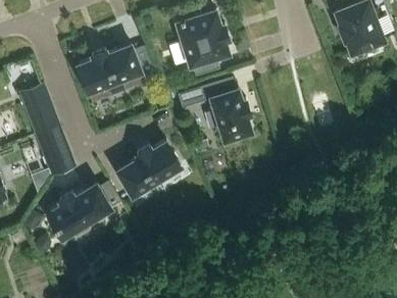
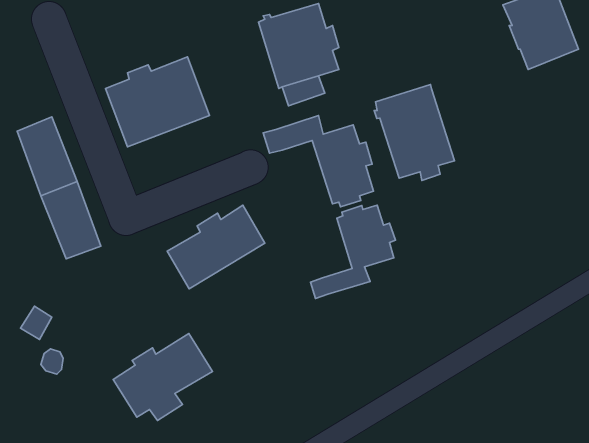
building: none -> [374,84,454,180]
building: none -> [310,205,395,299]
building: [47,184,111,240] -> [113,334,213,420]

